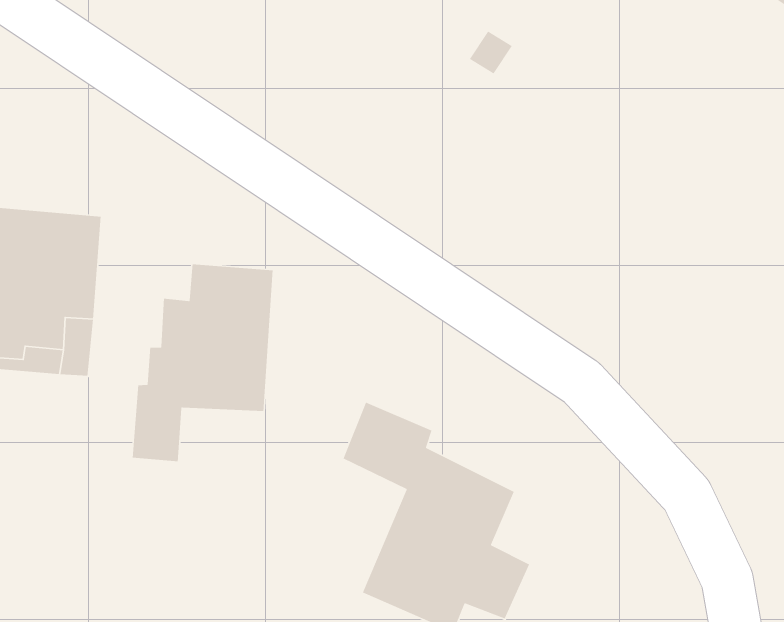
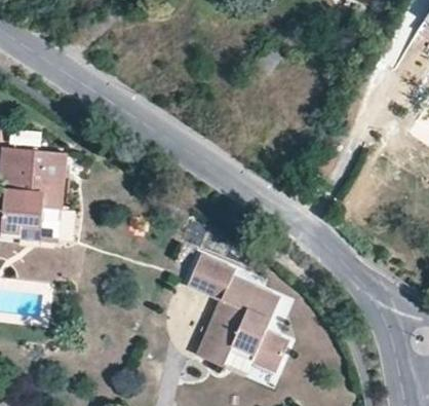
building: [132,264,274,462] -> none

